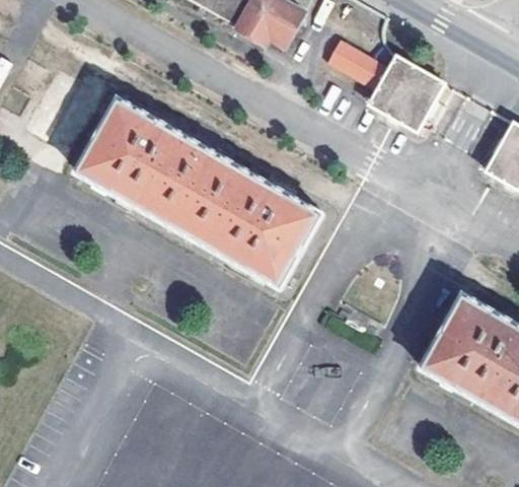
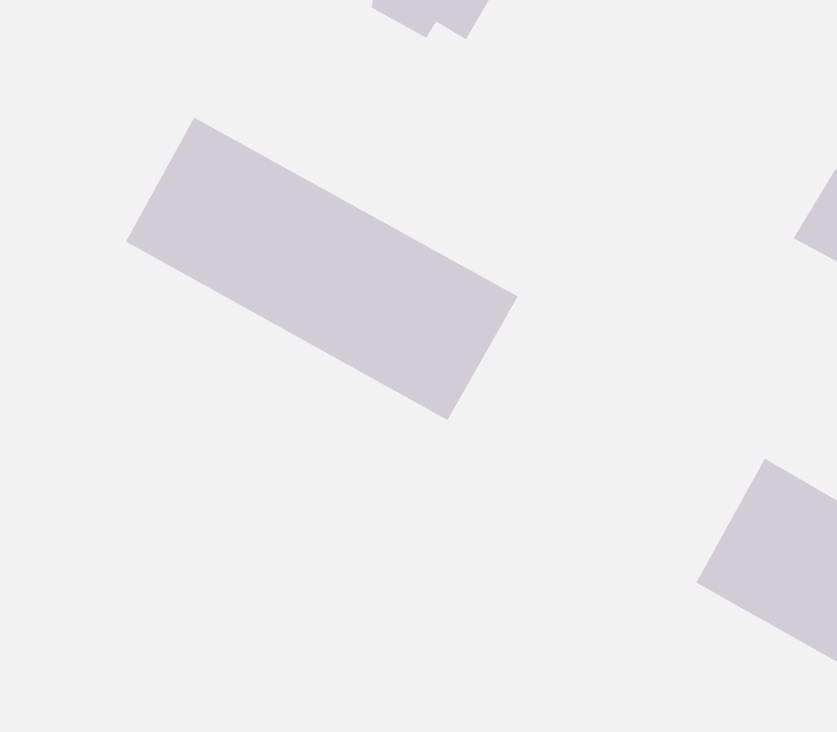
building: [321,36,445,130] -> none

